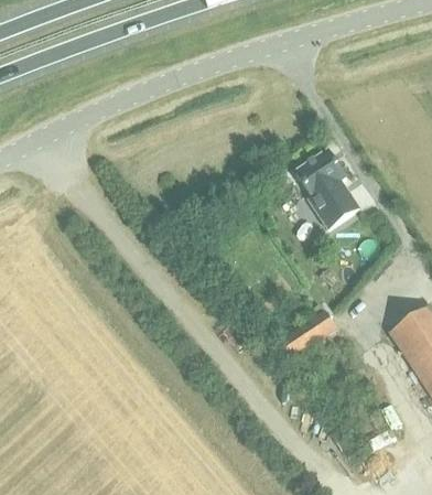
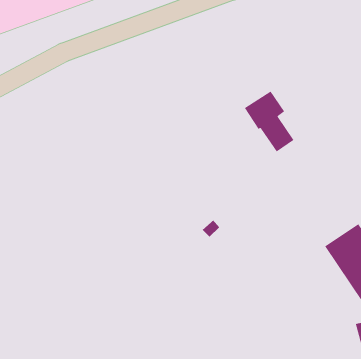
building: [279,310,335,357] -> none

